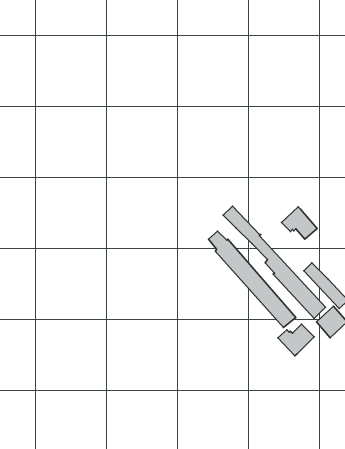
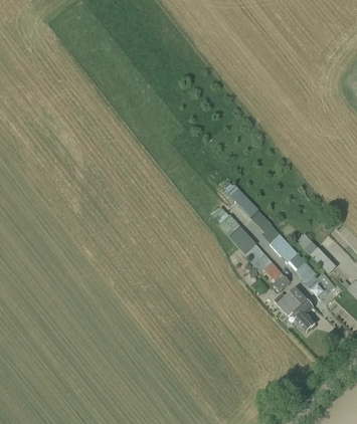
building: [282,207,317,239] -> none
building: none -> [292,300,316,333]

